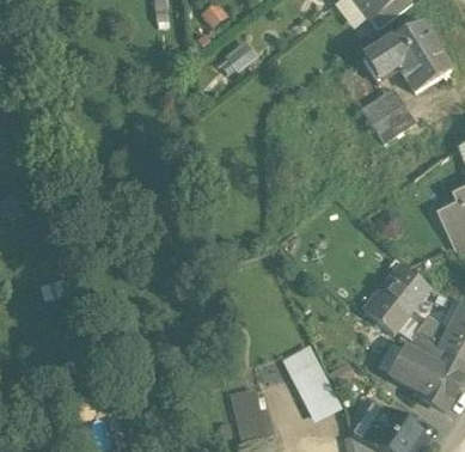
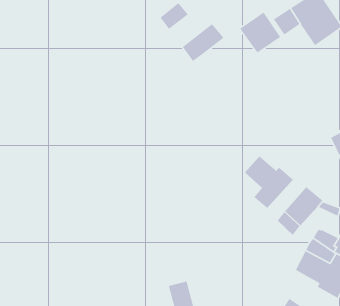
building: none -> [182,23,224,62]
building: [360,87,412,140] -> [239,11,281,53]
building: none -> [244,156,294,209]
building: [296,361,339,413] -> none

